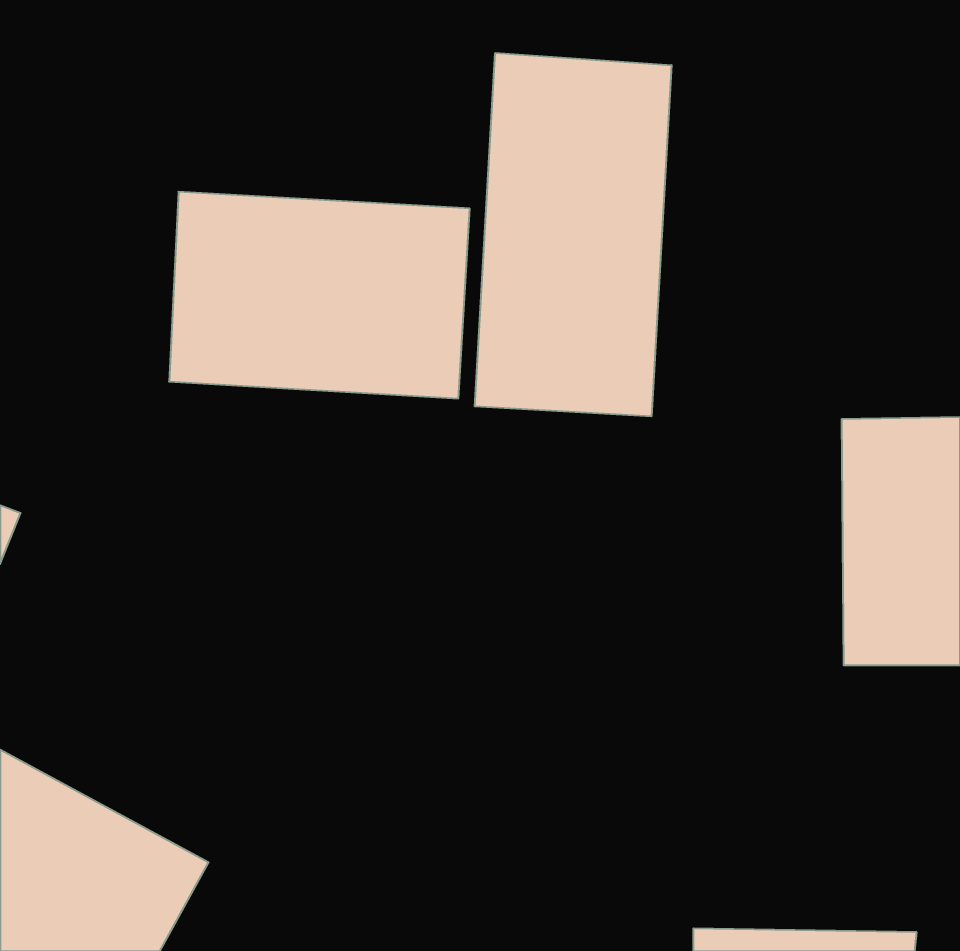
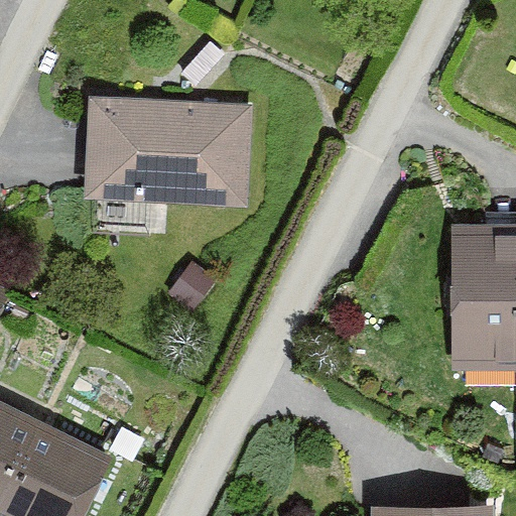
building: [475,53,672,416] -> none

